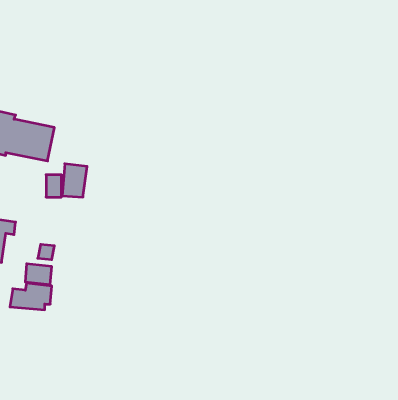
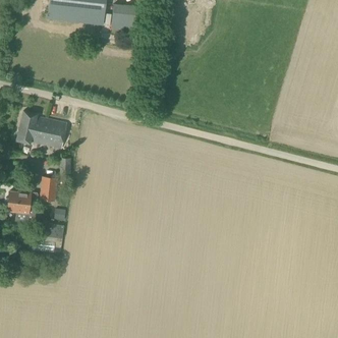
building: [62,164,87,197] -> [40,175,58,200]

